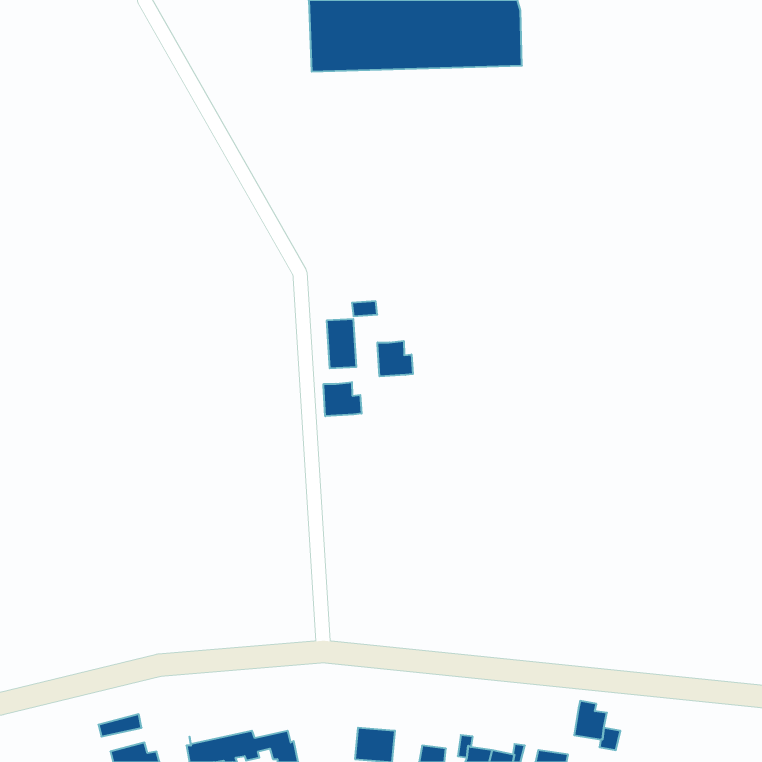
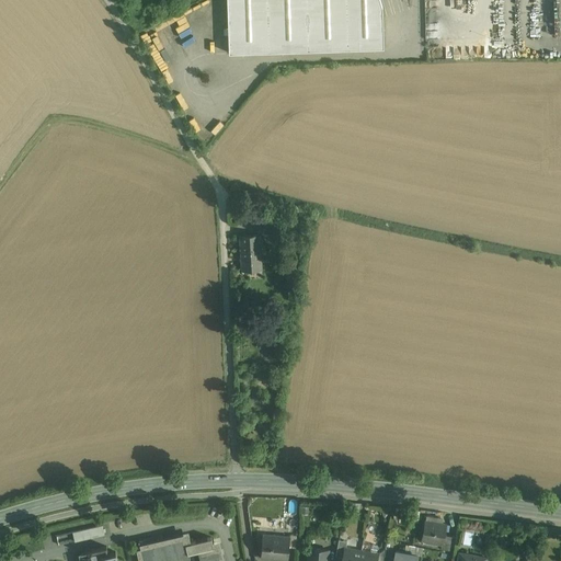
building: [377,341,413,376] -> none
building: [323,382,362,416] -> none

